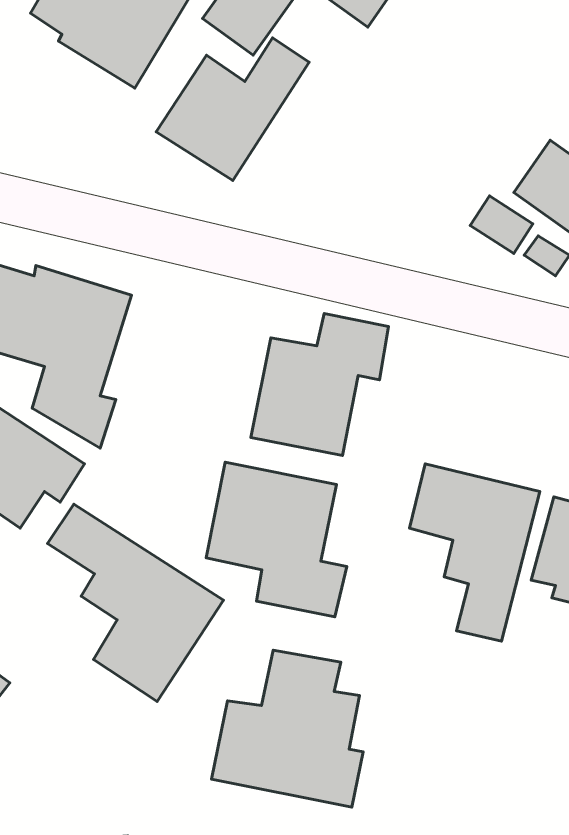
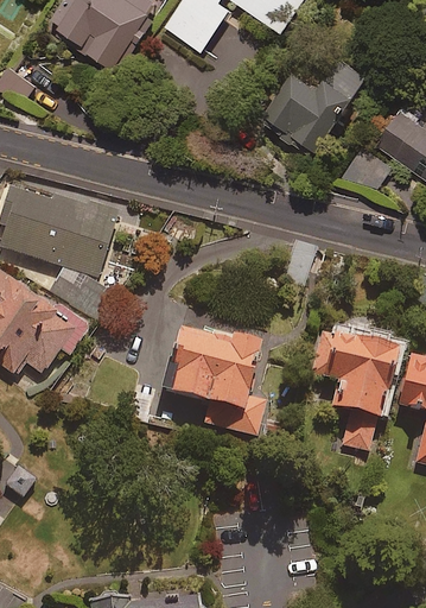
building: [156,38,309,181] -> [262,58,367,156]
building: [251,314,388,455] -> none
building: [47,504,224,701] -> none
building: [212,650,363,807] -> none

